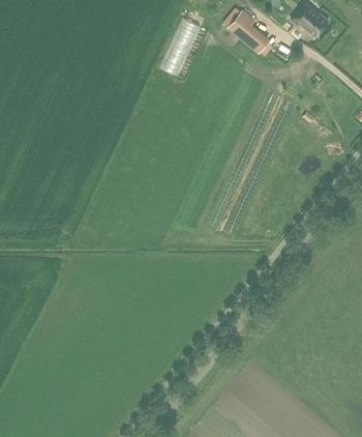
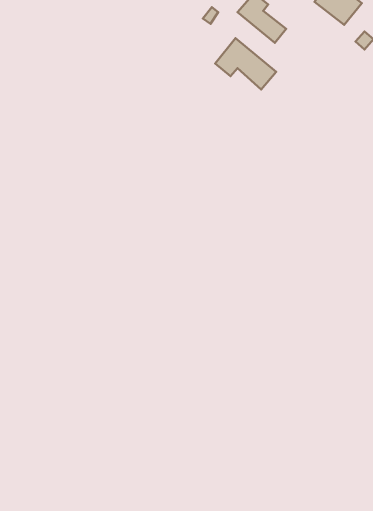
building: none -> [215,38,276,90]

